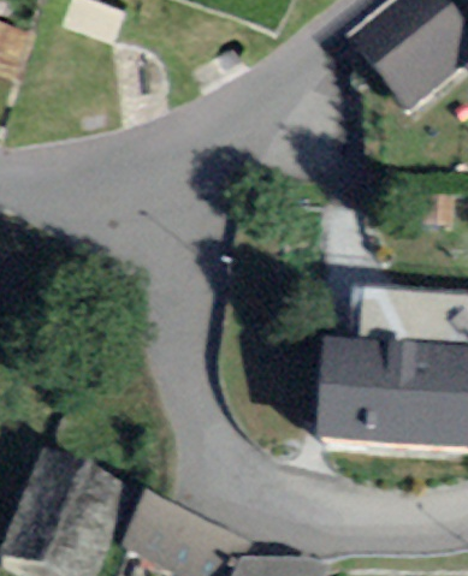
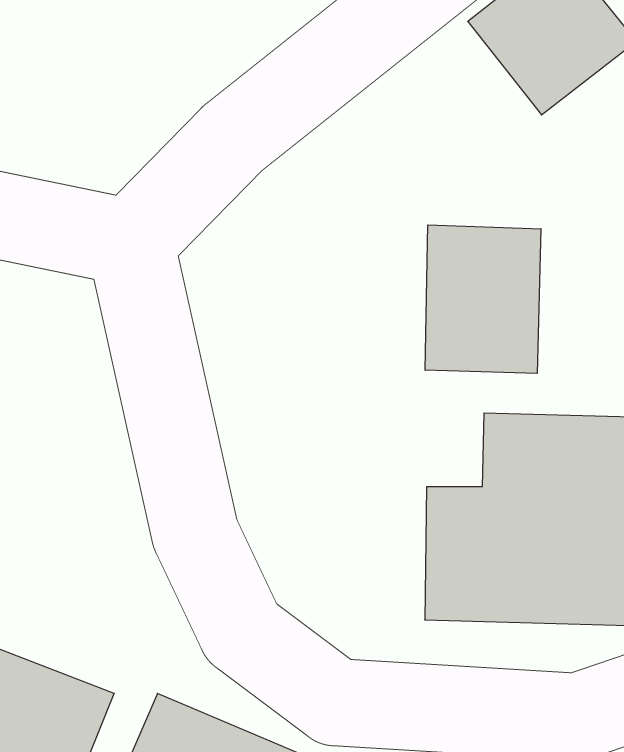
building: none -> [425,225,541,373]

